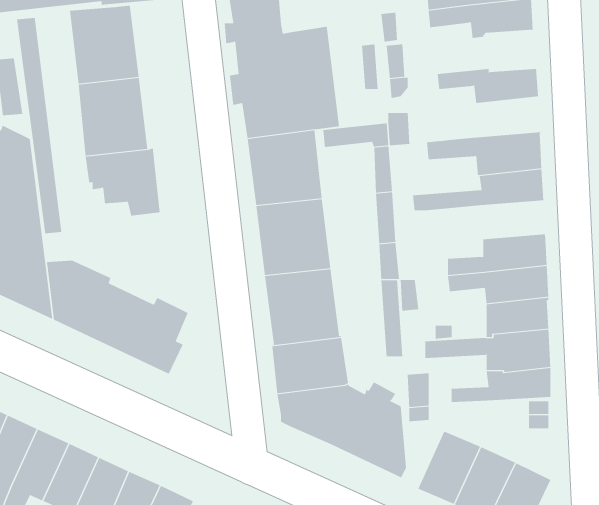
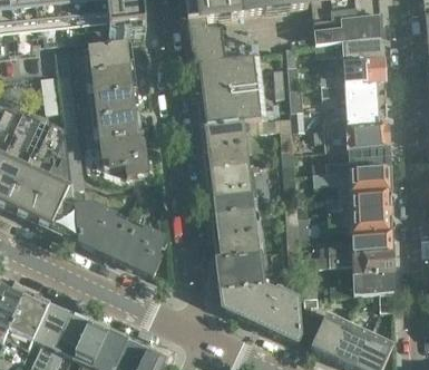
building: none -> [320,57,384,85]
building: none -> [322,99,387,127]
building: none -> [313,165,390,189]

